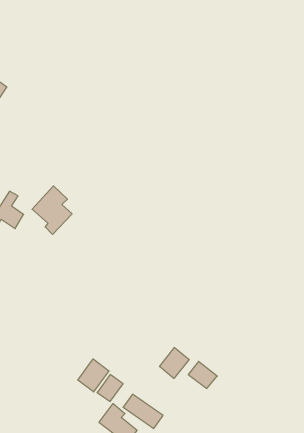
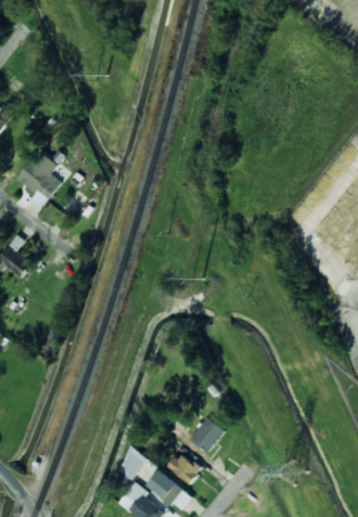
building: [32,186,72,234] -> [15,150,62,206]
building: [78,359,109,392] -> none
building: [188,361,217,388] -> [167,451,201,482]

